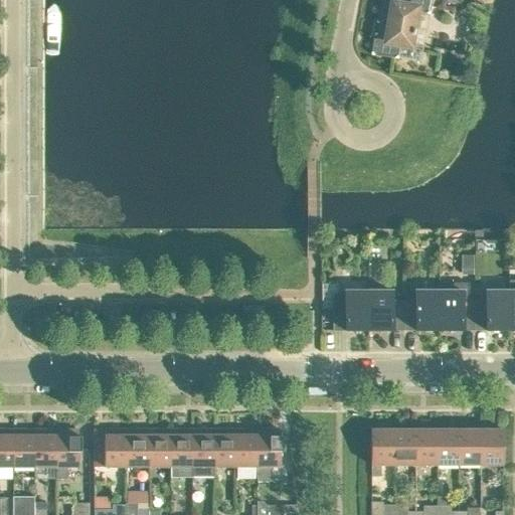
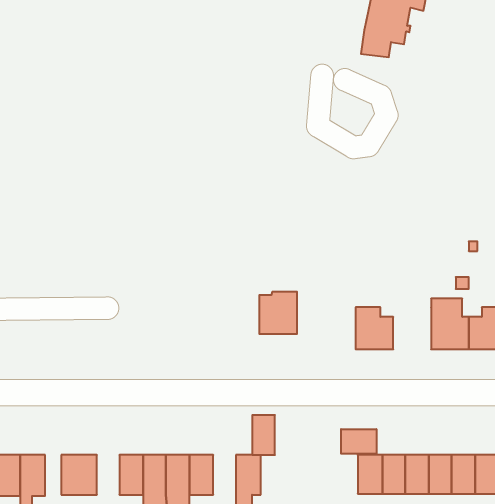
building: [334,292,369,331] -> [259,292,297,334]
building: [404,292,440,331] -> none
building: none -> [341,429,376,454]
building: [128,430,149,467] -> none
building: [236,430,258,467] -> [252,415,275,455]

